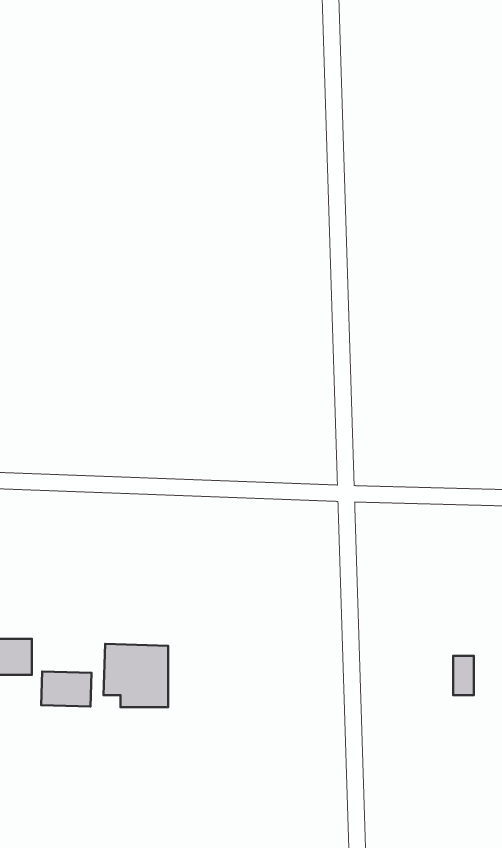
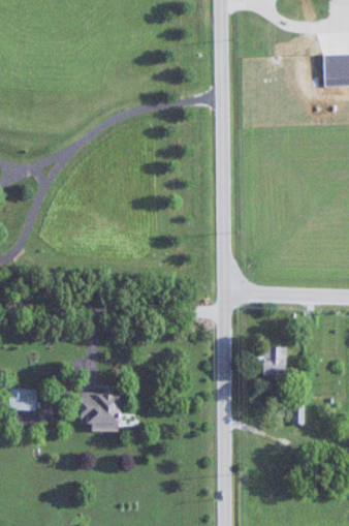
building: none -> [264,347,286,376]
building: [41,672,91,707] -> none

